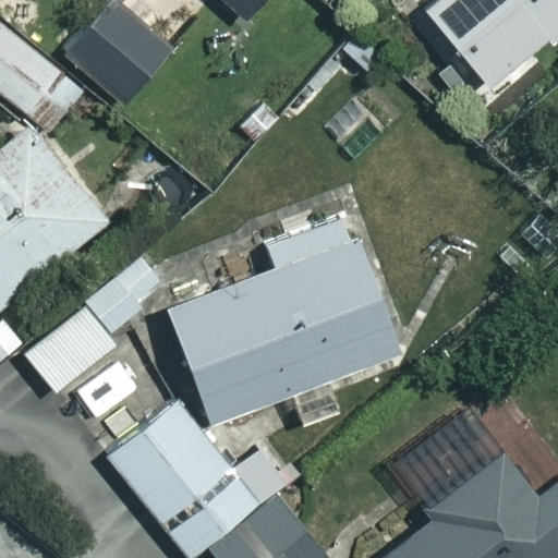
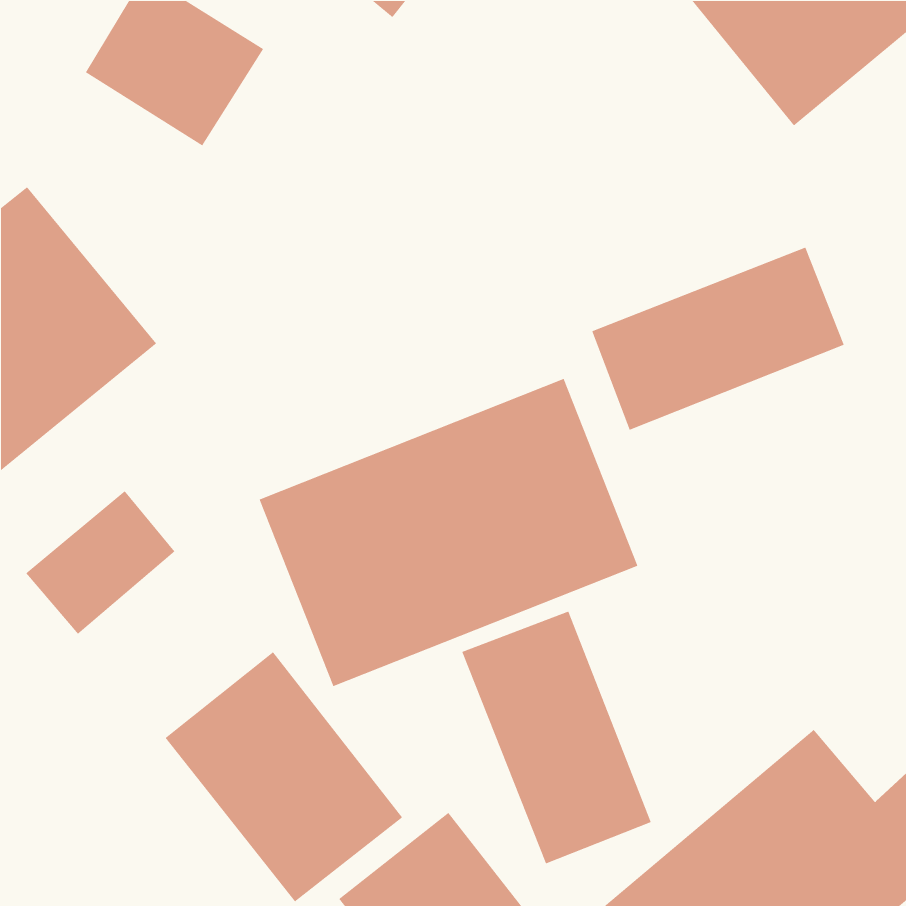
building: none -> [591,247,845,431]
building: none -> [461,611,652,865]

